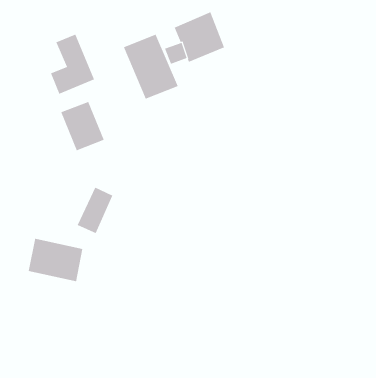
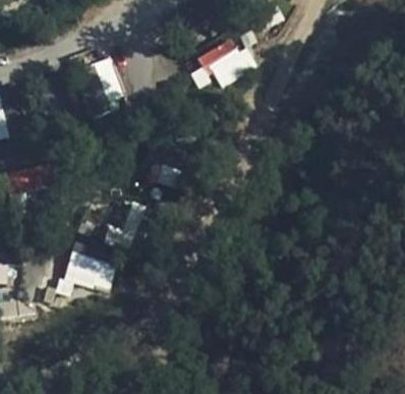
building: [123,34,178,100] -> none
building: [60,101,105,151] -> none

